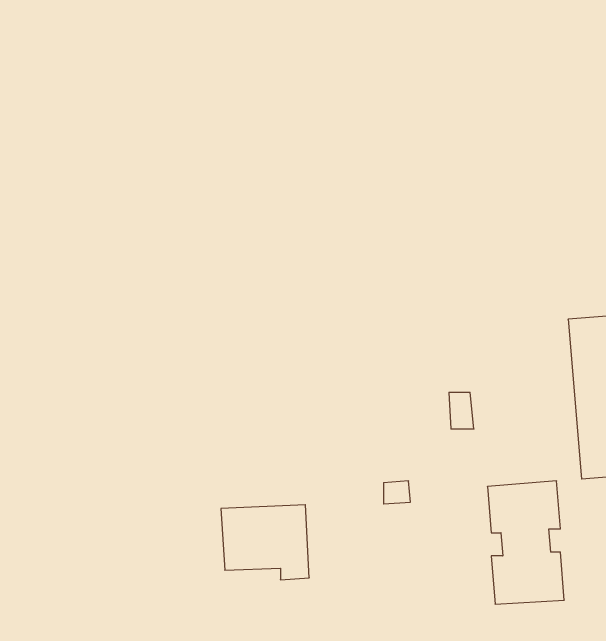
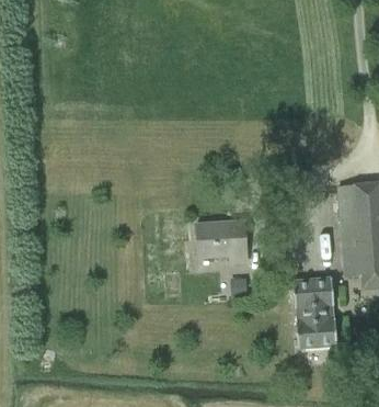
building: [221,505,309,580] -> [197,221,248,263]

